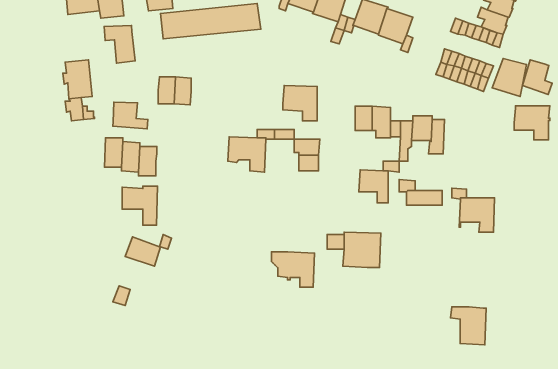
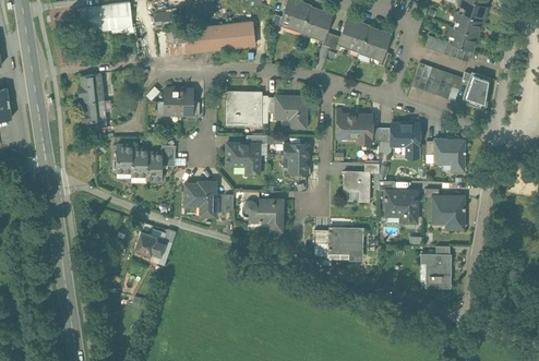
building: [104,25,135,63] -> none
building: [522,60,552,94] -> none
building: none -> [227,92,261,123]
building: [113,102,148,129] -> none
building: [514,106,550,140] -> [433,140,465,170]
building: [122,186,158,225] -> [184,180,216,215]
building: none -> [385,203,417,221]
building: [272,252,314,287] -> [244,198,283,230]
building: [451,307,486,345] -> [420,252,452,286]

